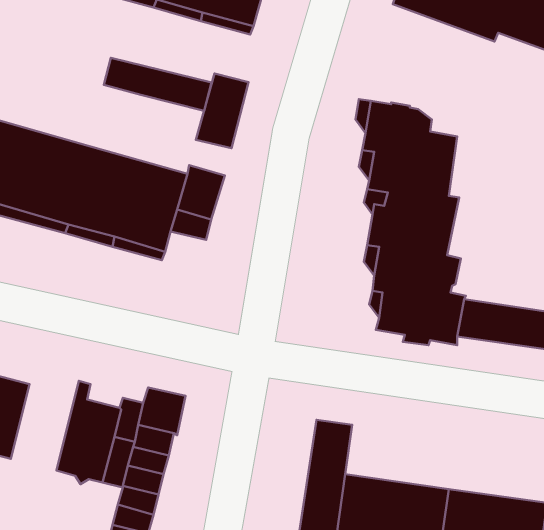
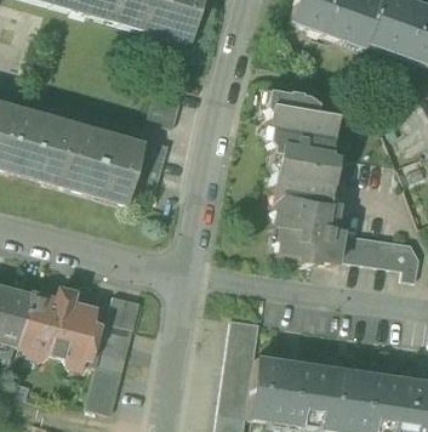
building: [104,58,211,111] -> none
building: none -> [17,289,65,358]

